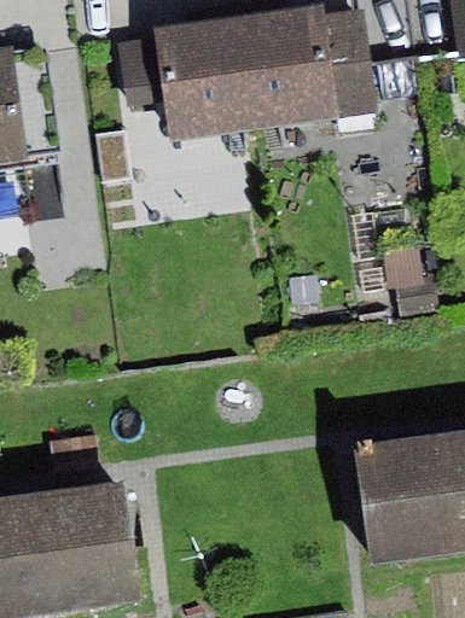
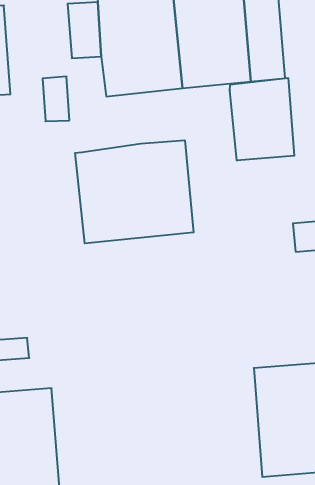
building: none -> [230,78,294,161]
building: none -> [75,140,194,243]

